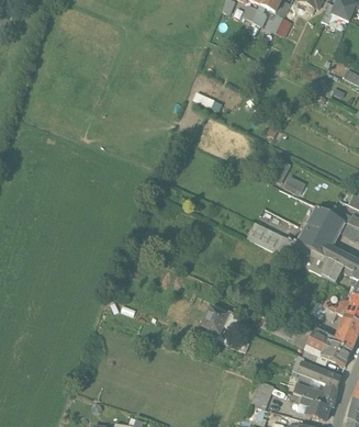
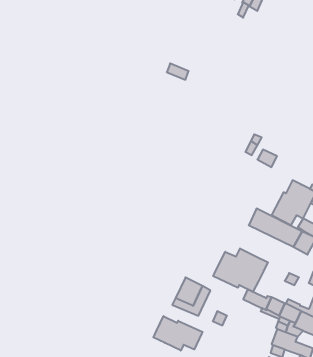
building: none -> [213,248,268,292]
building: none -> [153,316,203,351]

